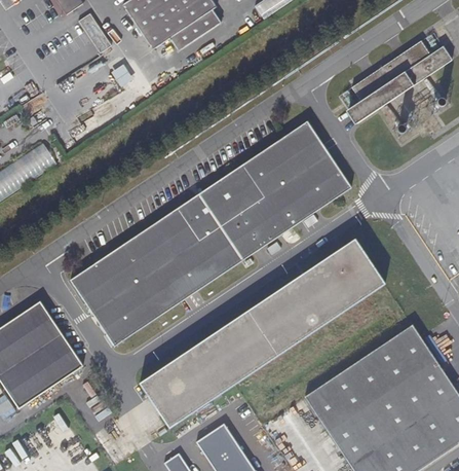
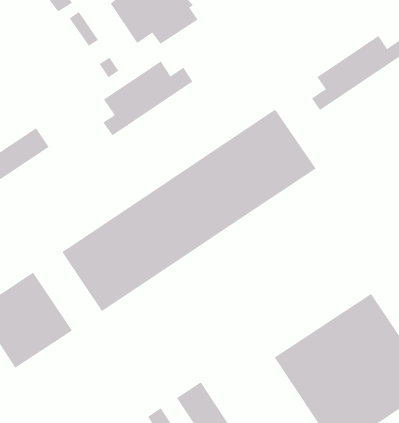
building: none -> [102,61,193,136]
building: [139,239,384,429] -> none

